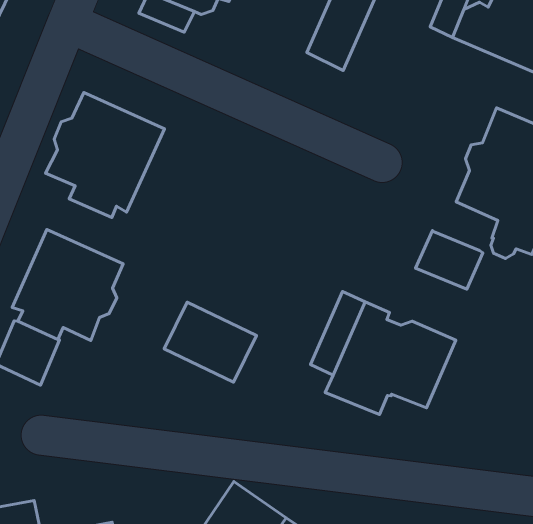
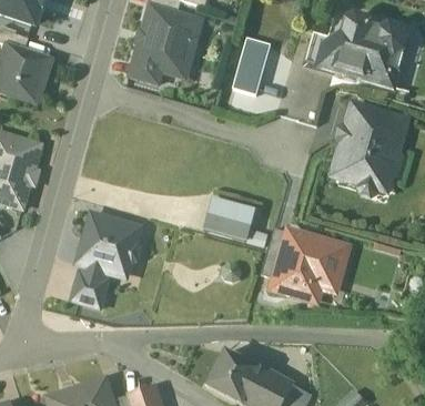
building: [46,92,165,217] -> none
building: [416,231,483,289] -> none
building: [164,302,256,382] -> [201,195,255,240]

